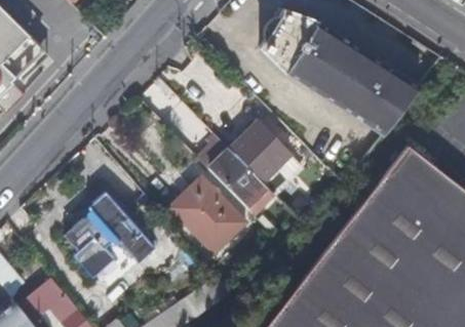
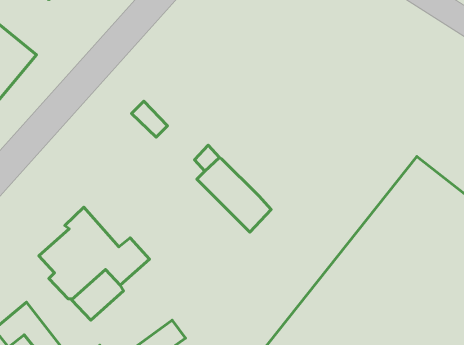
building: [258,8,415,130] -> none
building: [229,121,290,181] -> none
building: [167,176,244,253] -> none

